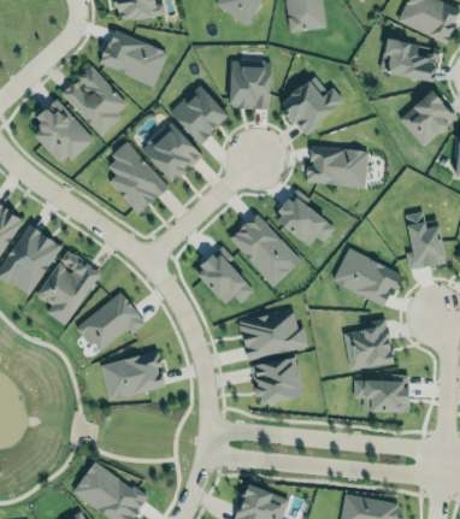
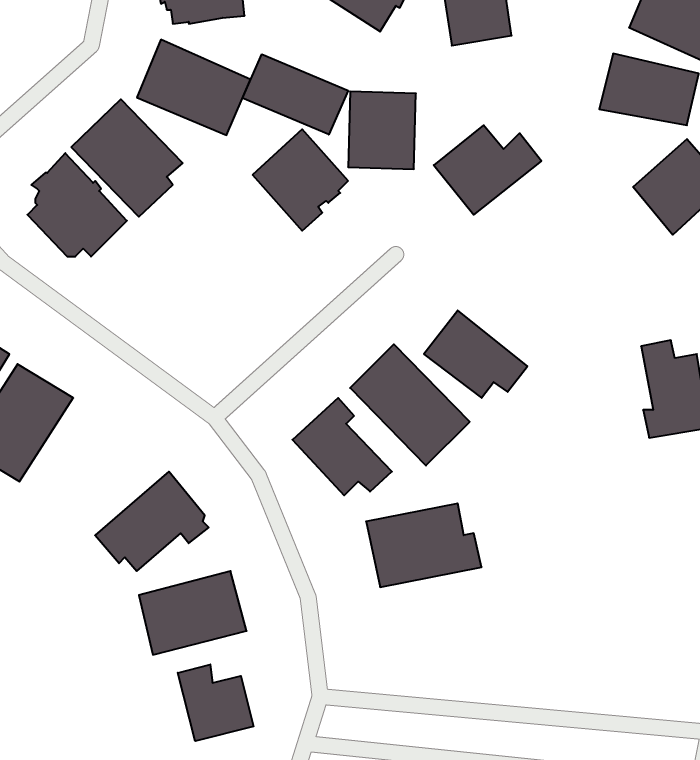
building: none -> [243,54,348,135]
building: [142,122,201,181] -> none
building: [107,140,167,214] -> none
building: [300,142,365,187] -> none
building: [35,247,100,324] -> none
building: [331,247,400,305] -> none
building: [344,319,391,370] -> none
building: [252,358,303,405] -> none
building: [354,381,408,413] -> none
building: none -> [178,664,254,741]

